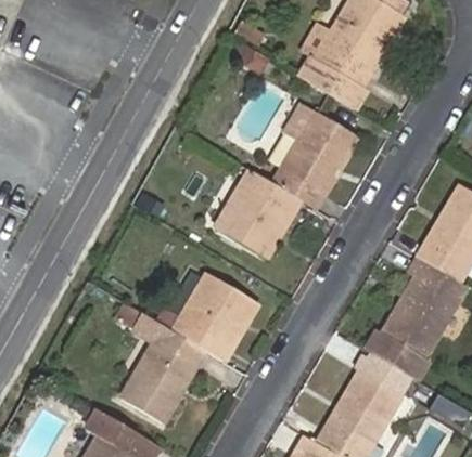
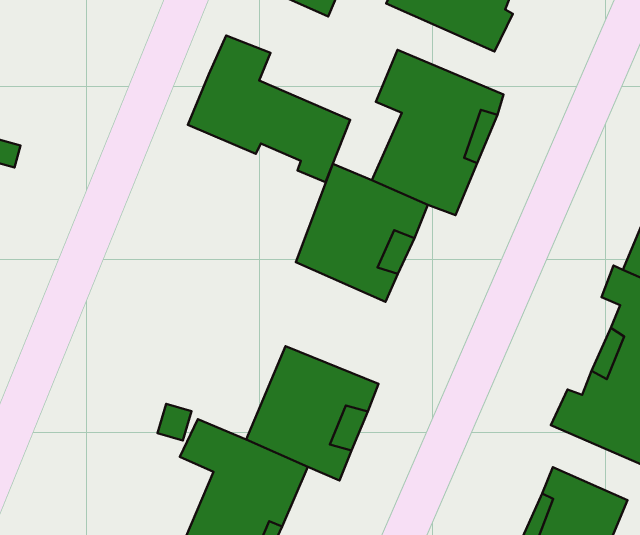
building: none -> [188,36,350,182]

